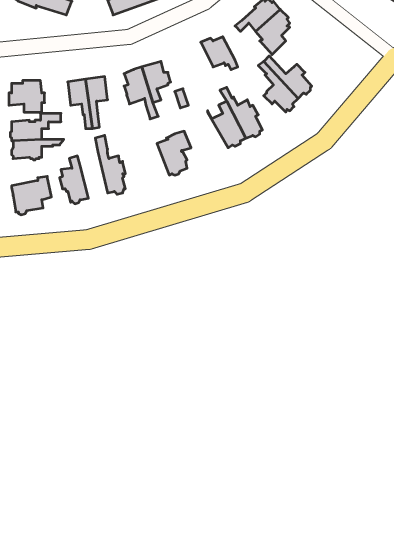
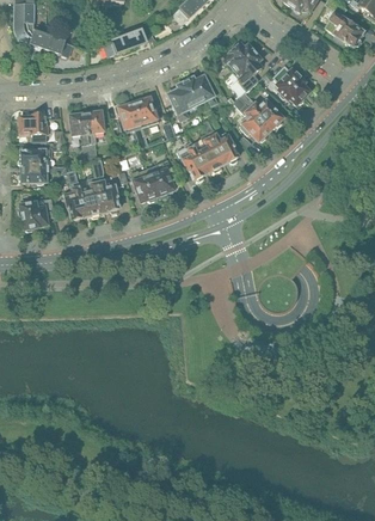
building: none -> [273,65,312,102]
building: none -> [167,79,196,118]
building: none -> [177,140,209,179]
building: none -> [130,167,158,201]
building: none -> [80,174,104,215]

